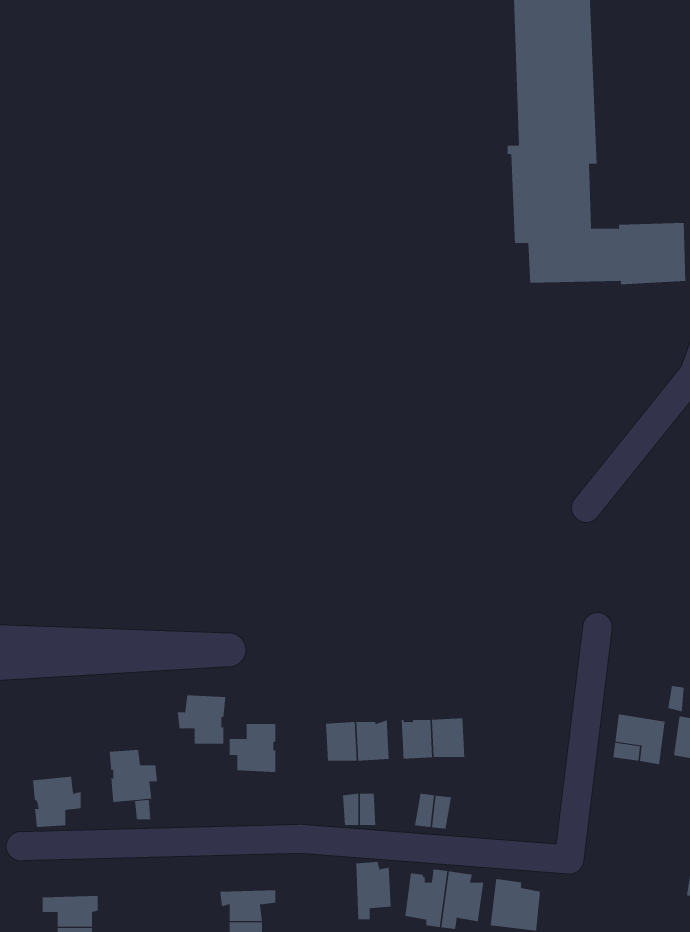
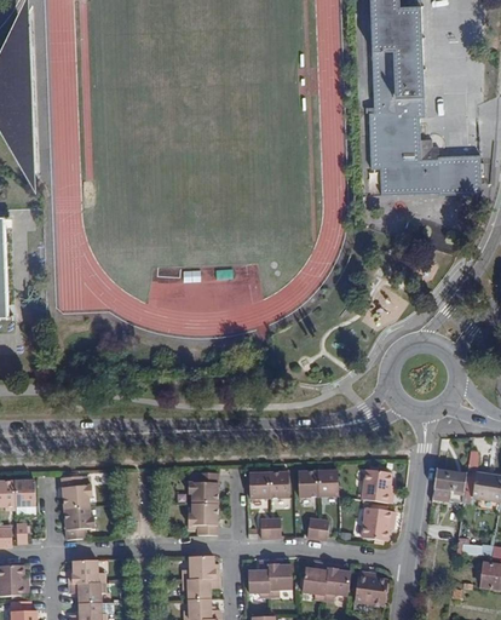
building: [177,695,226,744] -> [186,504,218,535]
building: none -> [362,470,393,504]
building: [109,750,158,803] -> [59,476,91,510]
building: none -> [361,509,395,541]
building: none -> [182,557,218,581]
building: none -> [68,561,104,585]
building: none -> [248,563,270,599]

